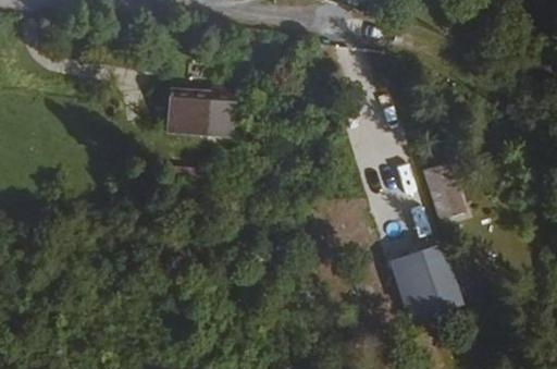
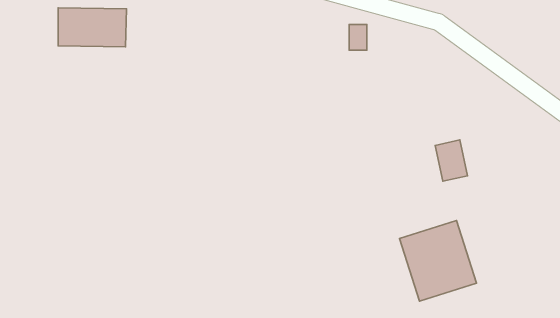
building: [165,104,232,143] -> [58,8,127,47]

